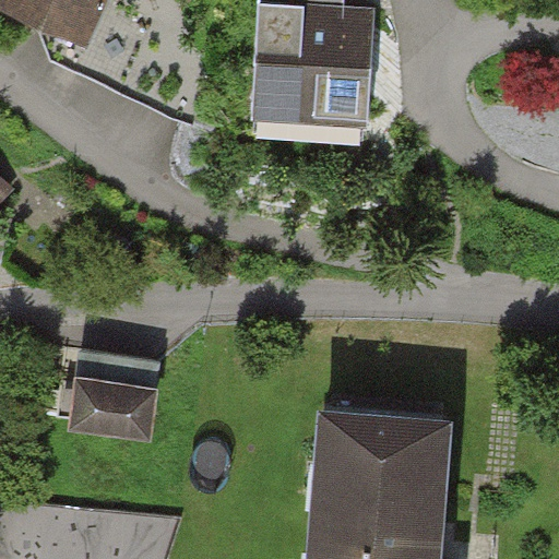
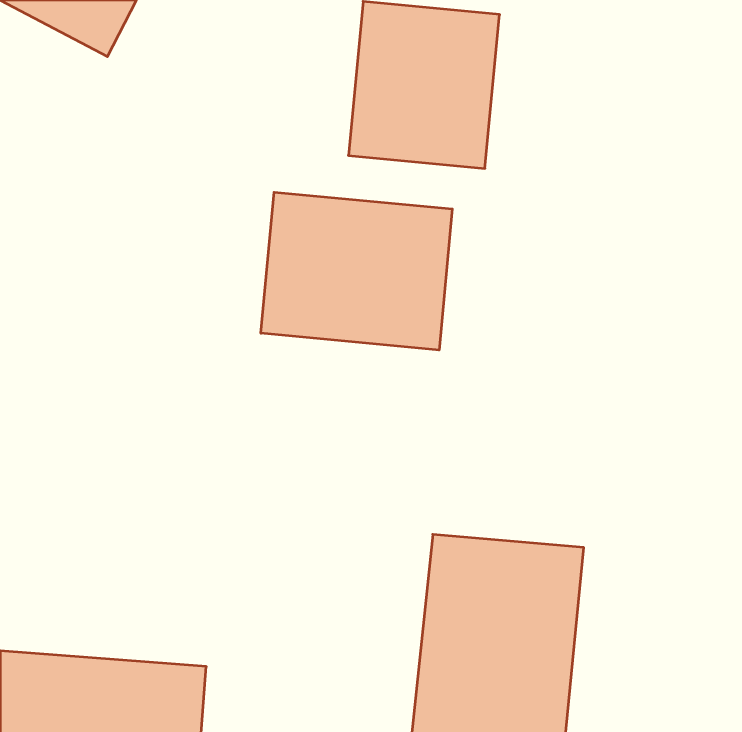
building: none -> [261,192,452,350]
building: [63,372,148,437] -> none

